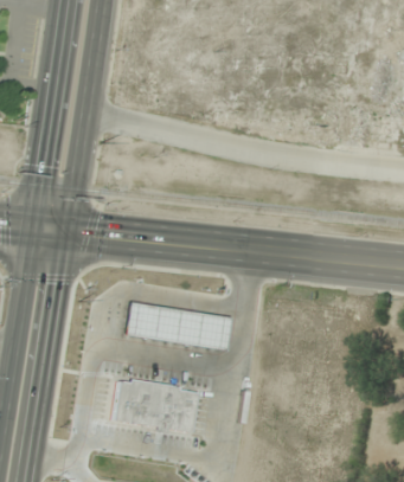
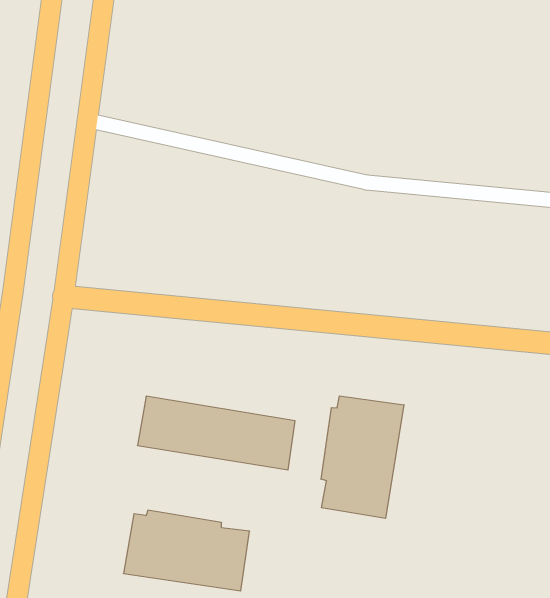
building: none -> [321,396,404,518]

